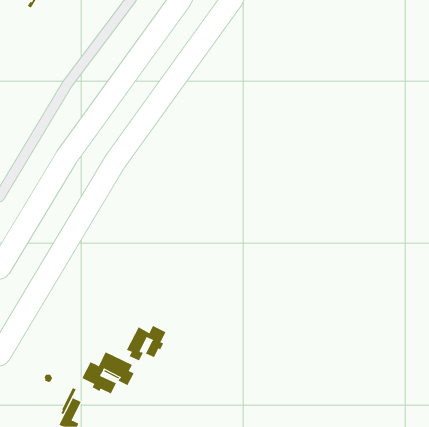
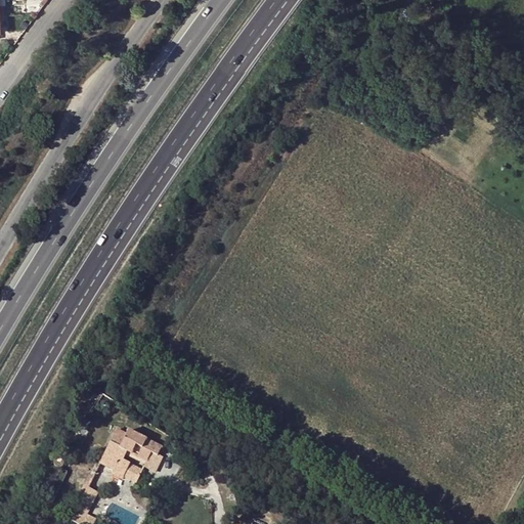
building: [126,325,166,361] -> none

